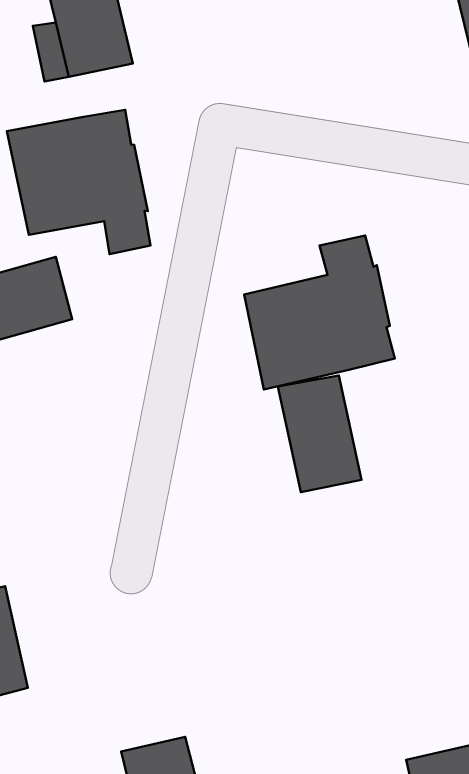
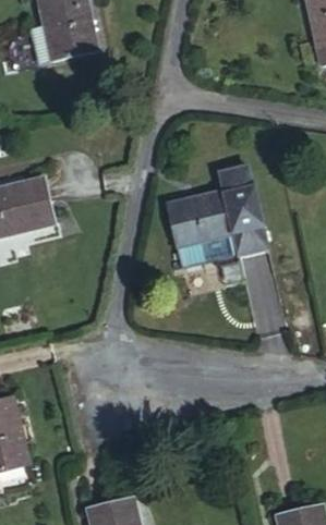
building: [7,110,150,254] -> none
building: [278,376,361,492] -> none

